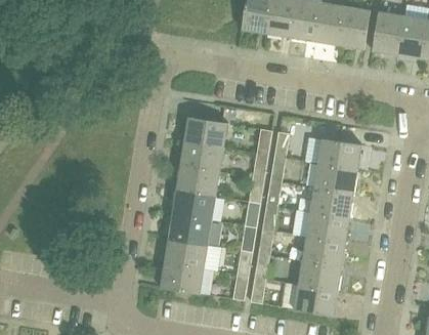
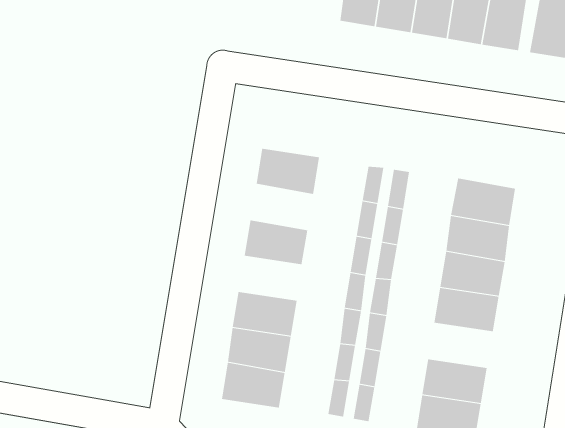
building: [179,141,223,173] -> none
building: [171,191,215,221] -> none
building: [301,237,346,267] -> none

